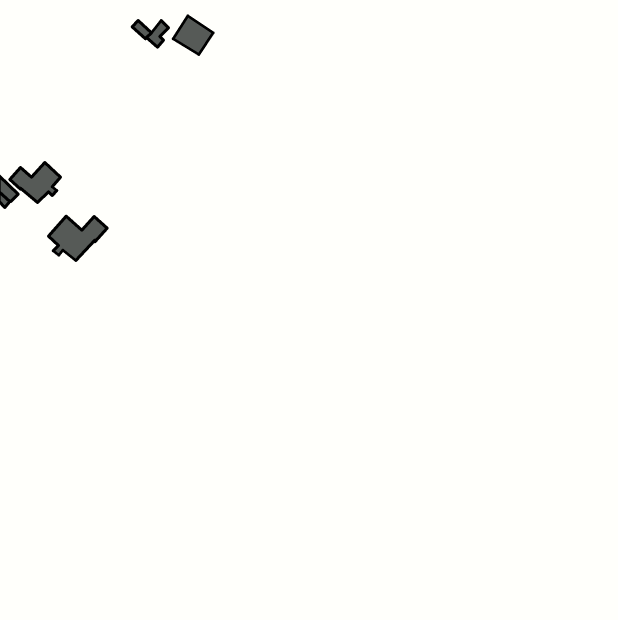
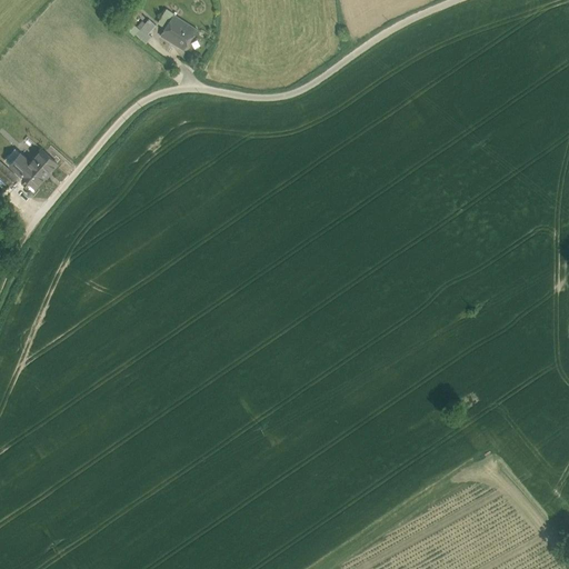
building: [49,216,107,261] -> none

